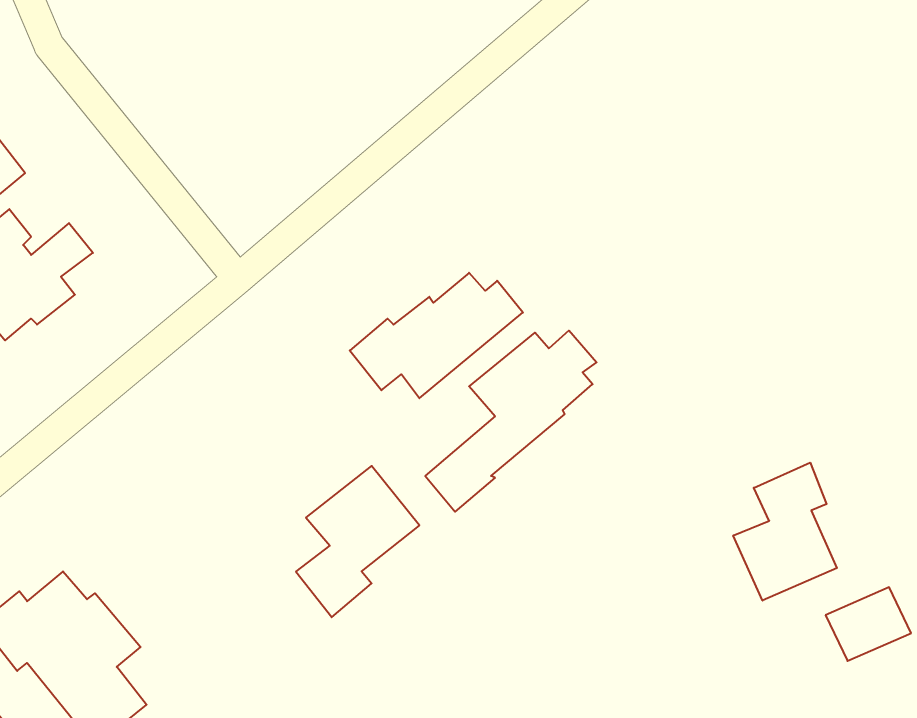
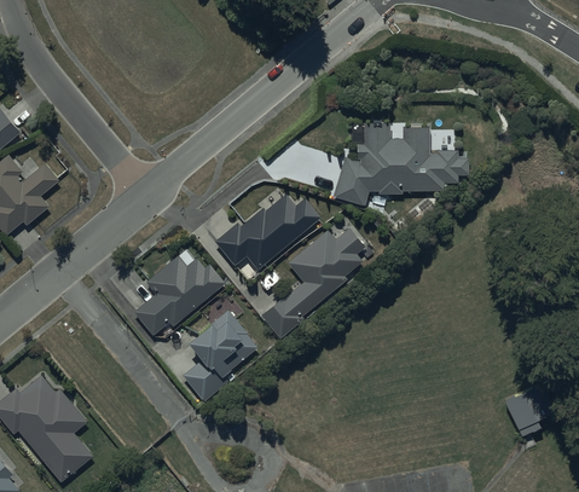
building: none -> [332,122,469,206]
building: none -> [133,249,225,335]
building: [733,463,837,601] -> none

